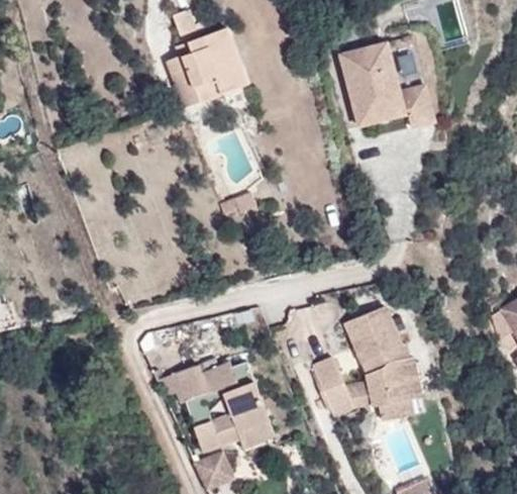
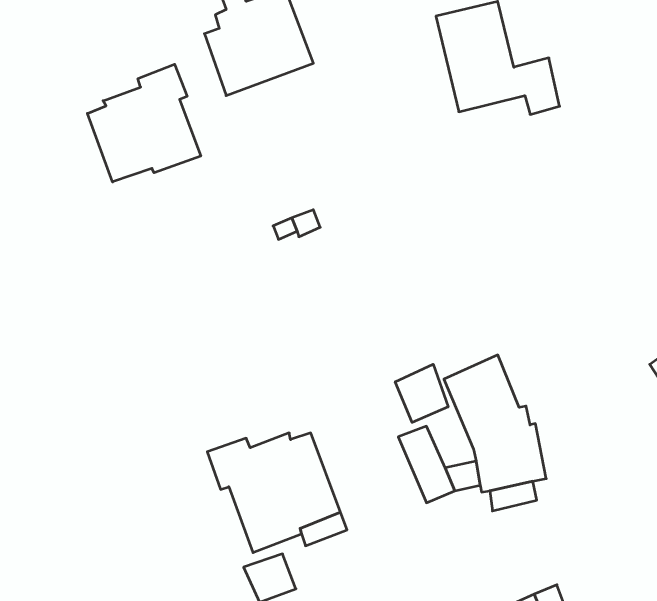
building: none -> [87,64,201,182]
building: none -> [395,364,448,422]

